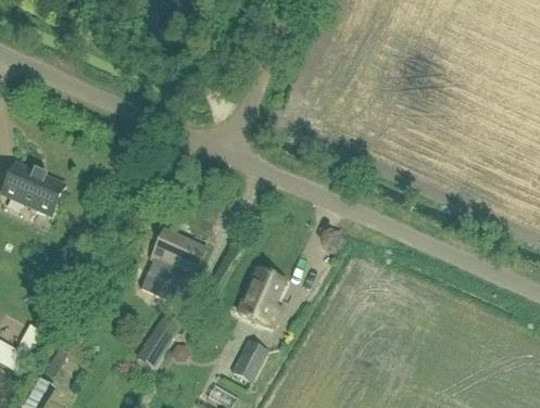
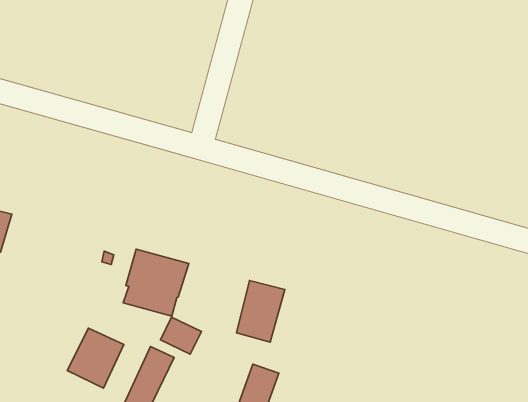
building: none -> [67,328,124,388]
building: none -> [160,317,201,354]

